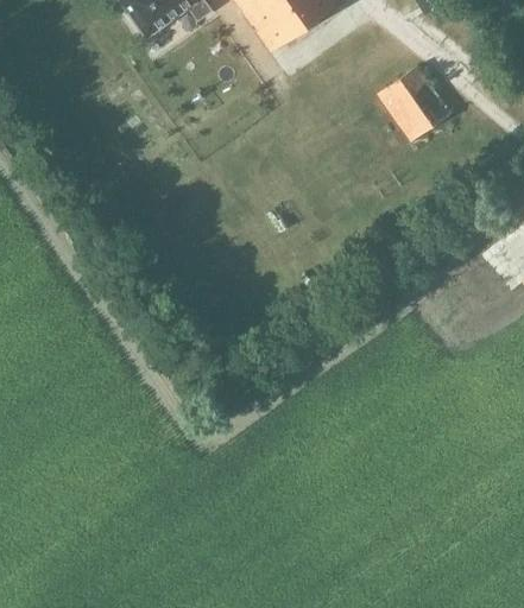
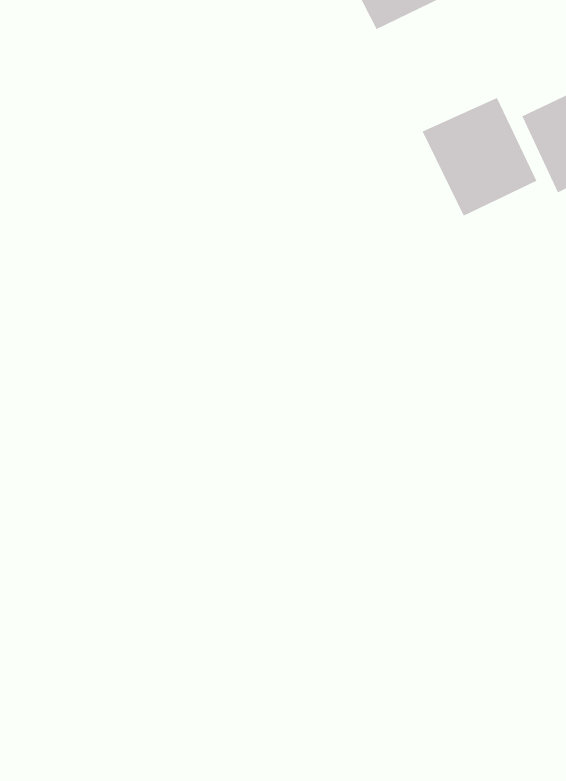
building: none -> [422,97,537,216]

